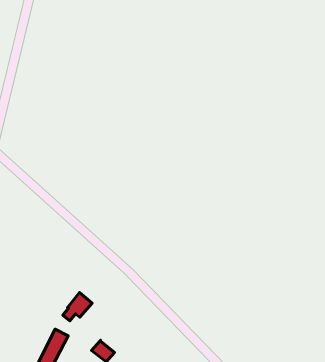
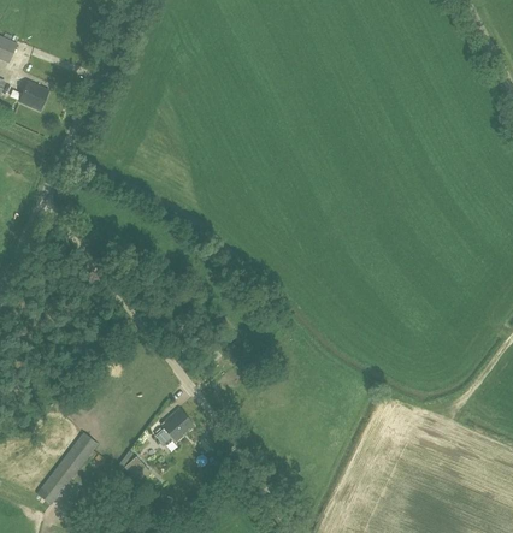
building: [63,292,92,321] -> [155,410,194,443]

